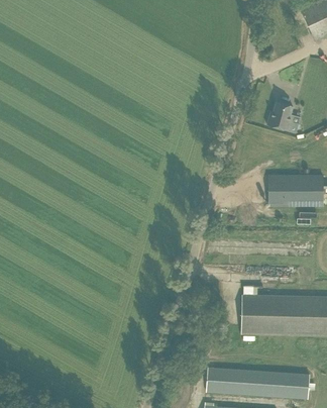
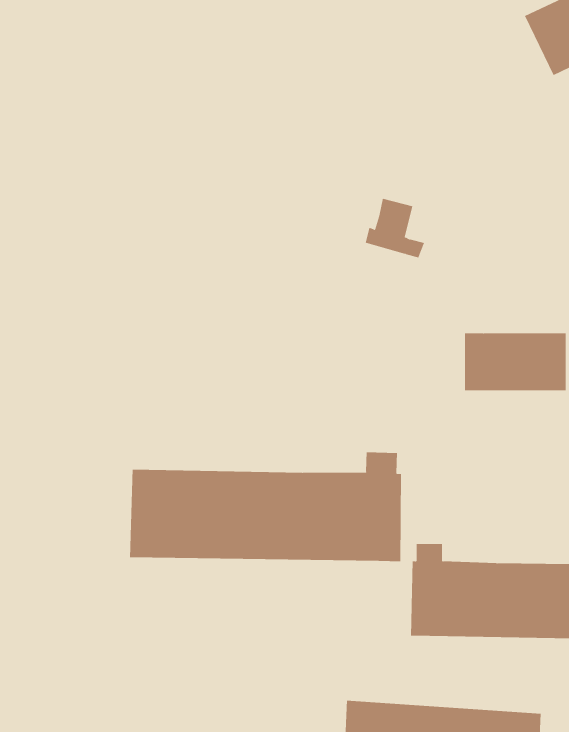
building: [266,101,298,132] -> [365,198,425,258]
building: none -> [129,451,401,562]

